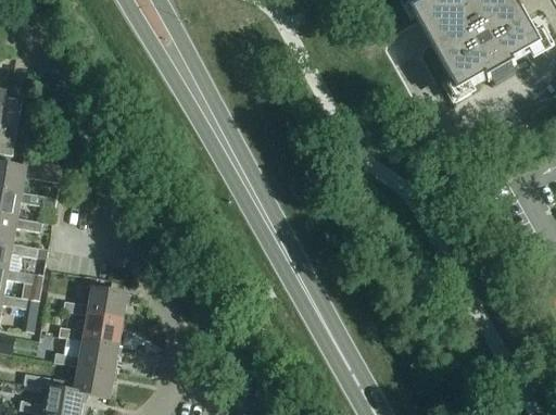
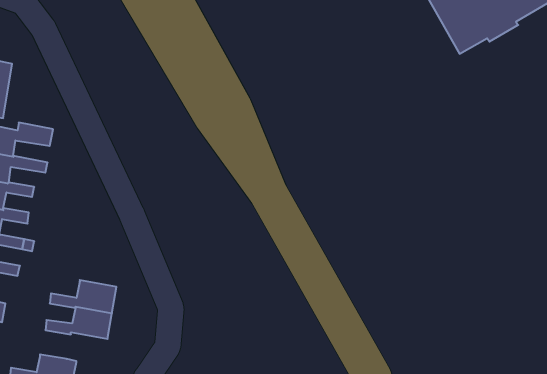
building: [61,288,126,320] -> none
building: [22,365,113,399] -> none

